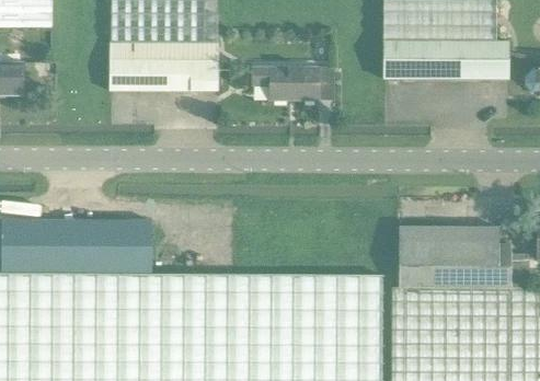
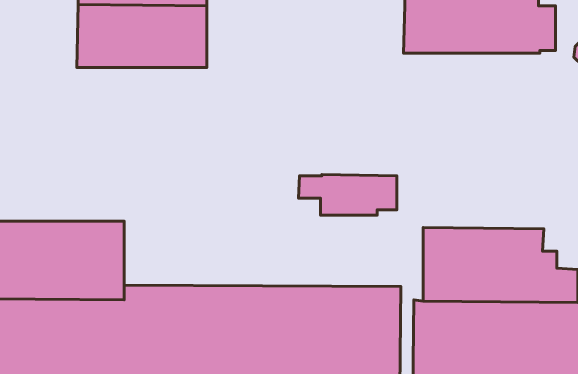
building: [252,68,334,102] -> [298,174,397,215]

